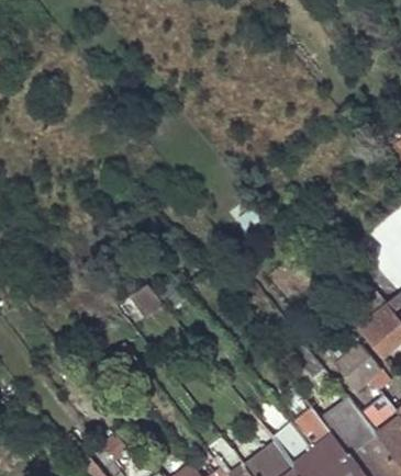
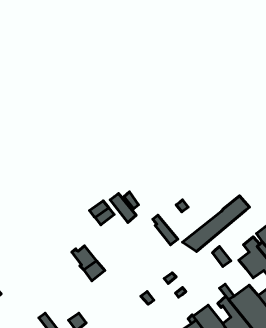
building: none -> [183,196,250,252]

